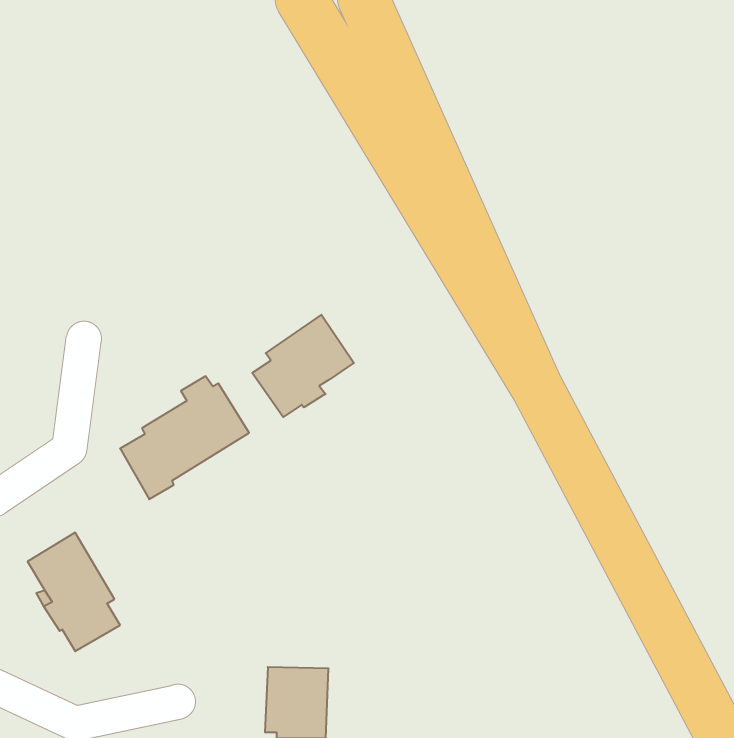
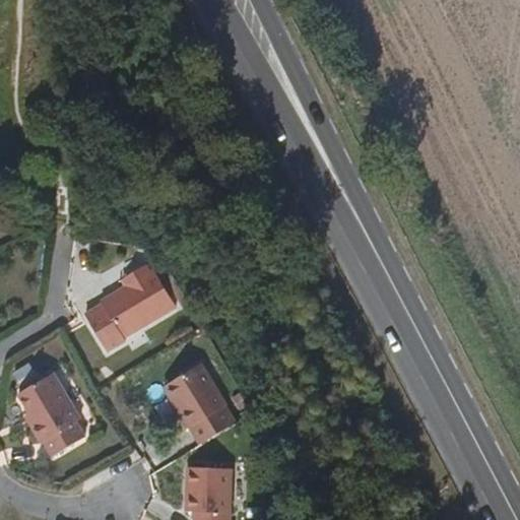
building: [252,315,354,417] -> none
building: none -> [167,365,235,446]

